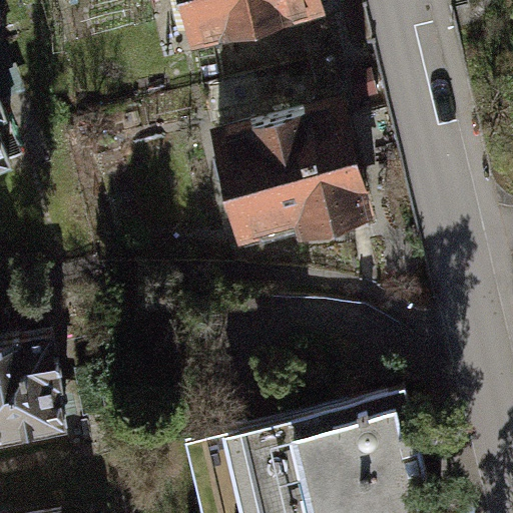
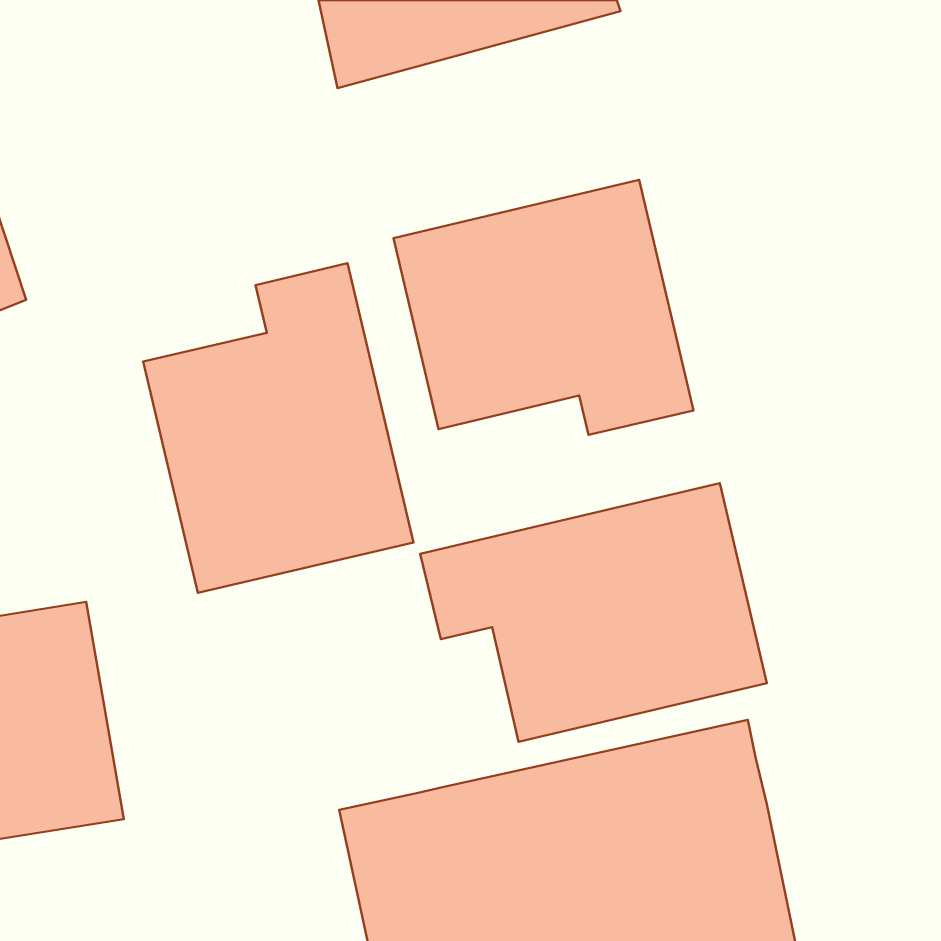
building: none -> [143,263,413,593]
building: none -> [420,483,767,742]

